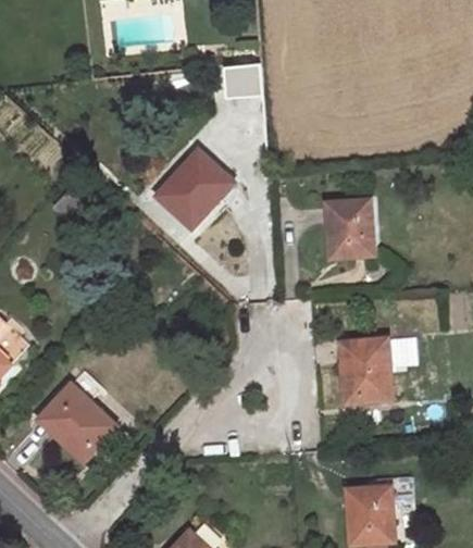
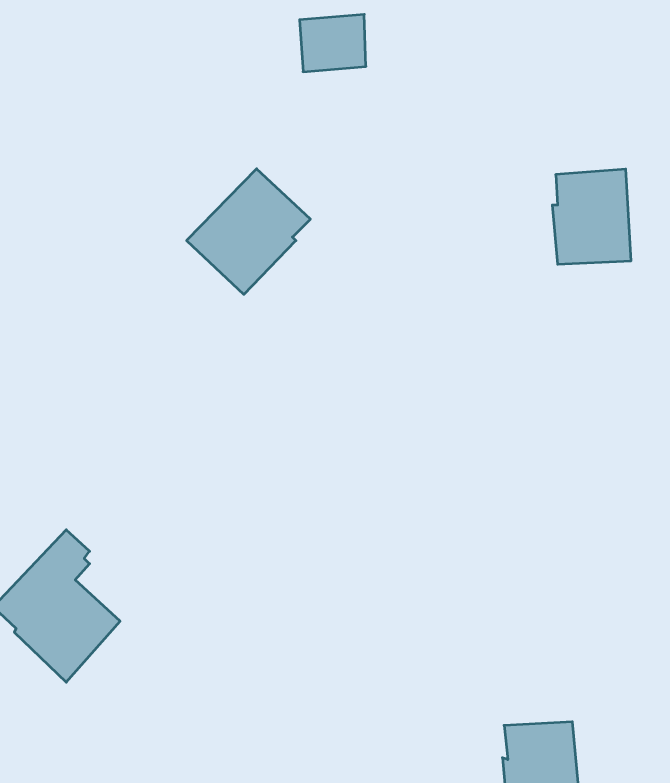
building: [326,200,374,258] -> [552,169,631,264]
building: [341,338,391,404] -> none

